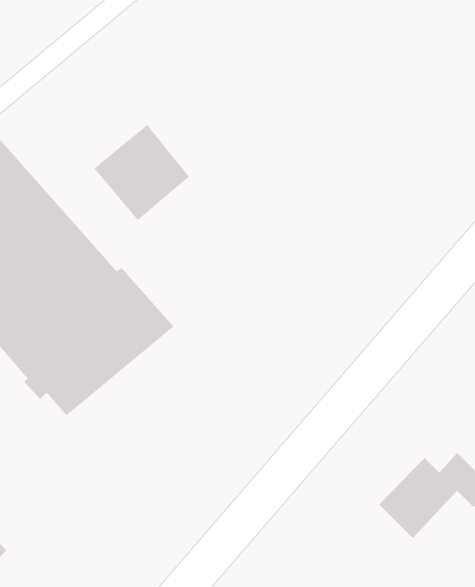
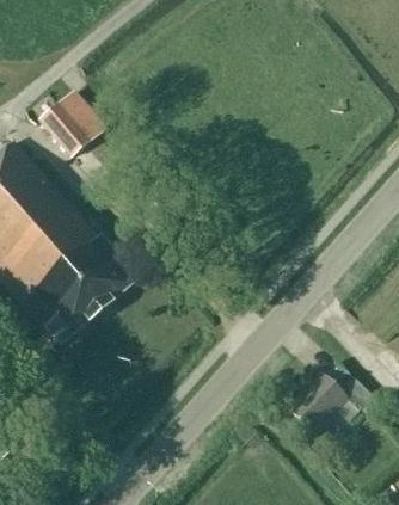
building: [93,124,190,221] -> [39,88,110,159]

